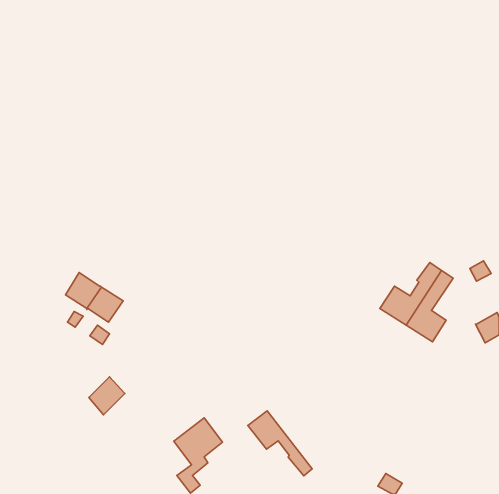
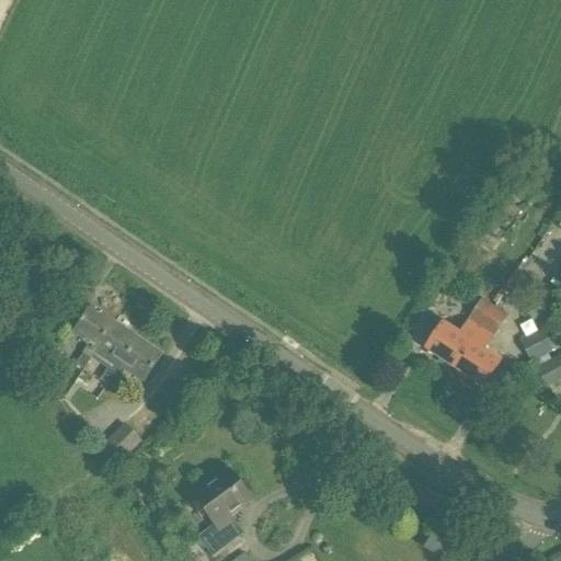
building: none -> [517,325,550,358]
building: none -> [122,337,162,377]
building: [248,411,312,476] -> none

